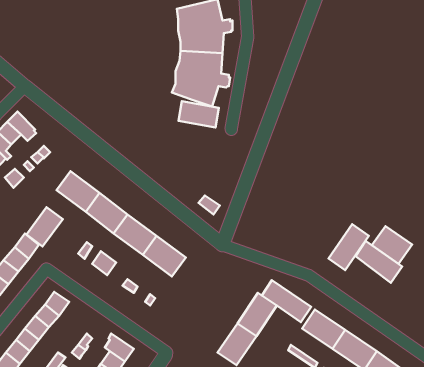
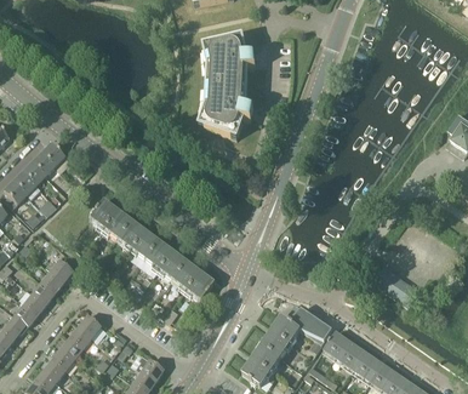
building: [179,101,219,127] -> none
building: [26,207,63,247] -> none
building: [329,224,369,270] -> none
building: [372,226,412,264] -> none

